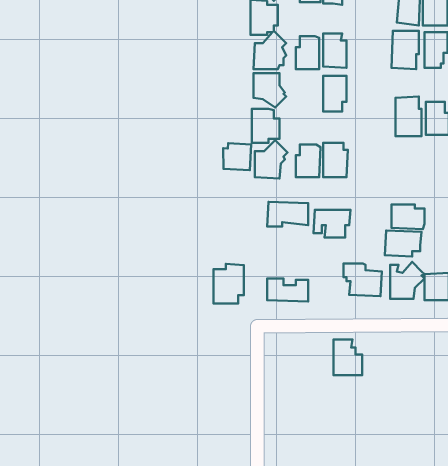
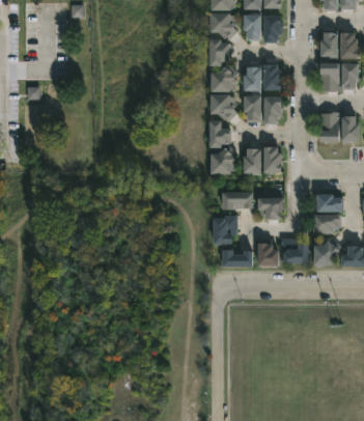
building: none -> [243,95,261,121]
building: [223,143,251,170] -> none
building: [214,264,244,303] -> [212,215,234,245]
building: [333,339,362,375] -> [256,238,278,265]

